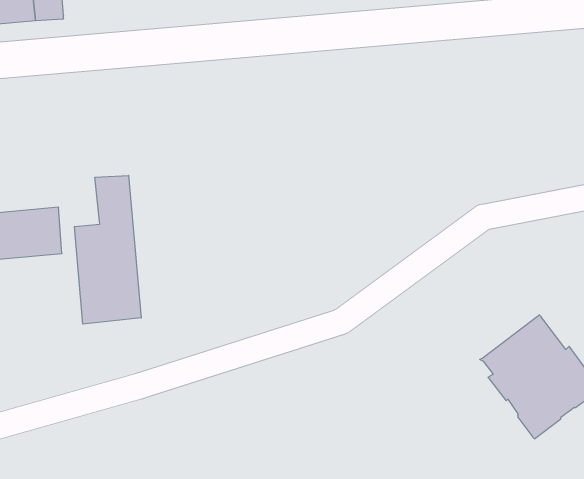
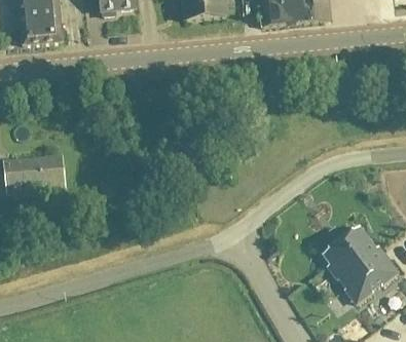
building: [75,175,141,324] -> none

